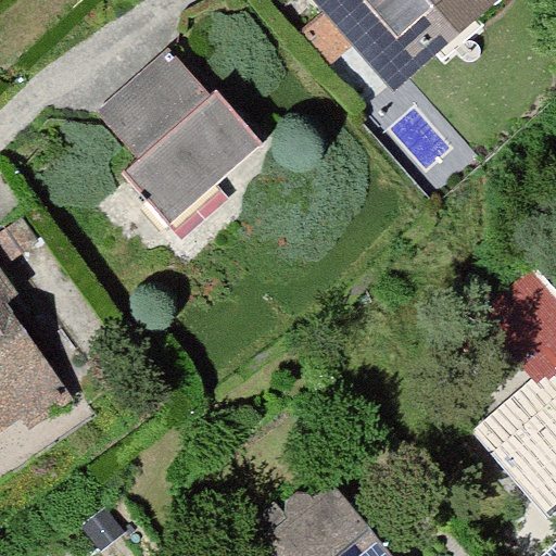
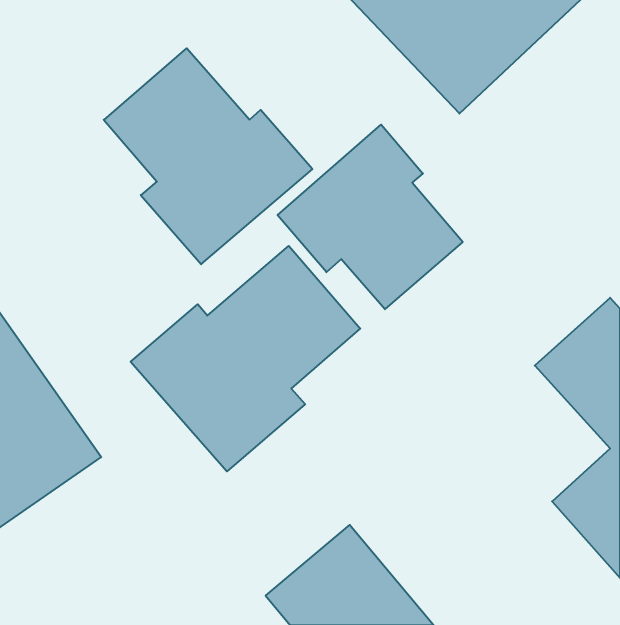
building: none -> [278,125,463,309]
building: none -> [131,246,360,471]

